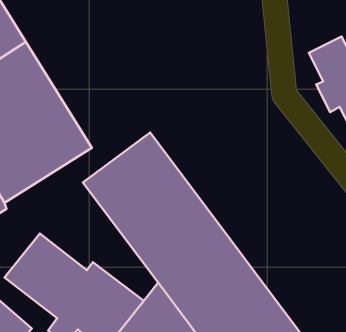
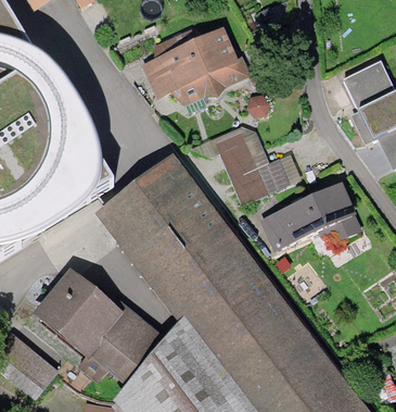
building: none -> [142,30,248,104]
building: none -> [215,126,288,204]
building: none -> [265,178,366,248]

